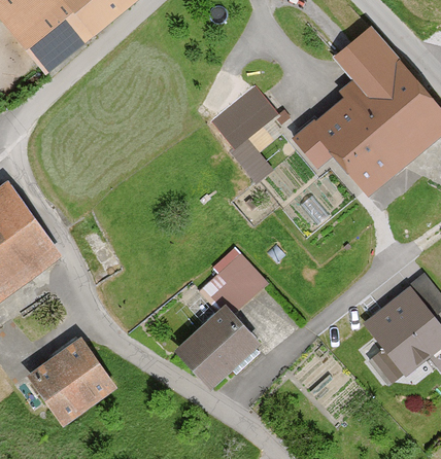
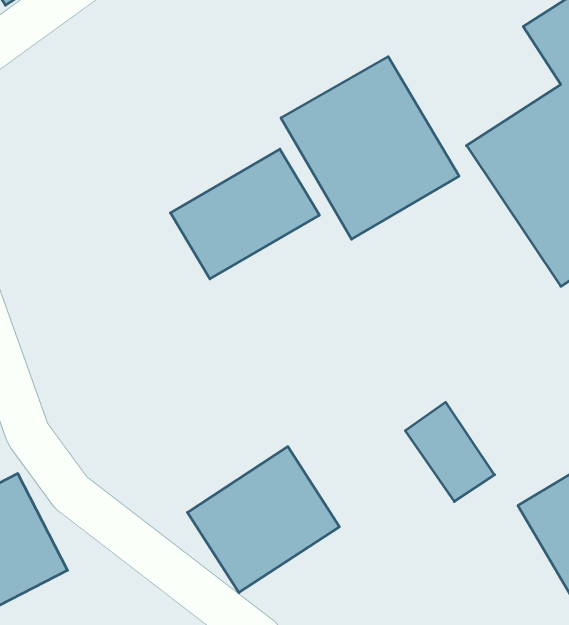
building: none -> [170,149,319,279]
building: [210,247,263,302] -> [405,402,495,502]

